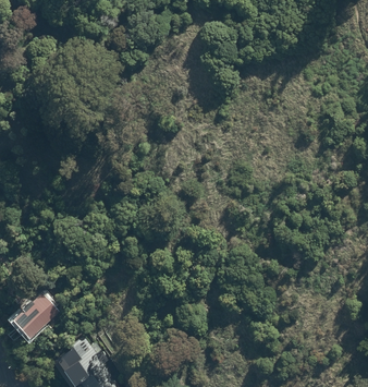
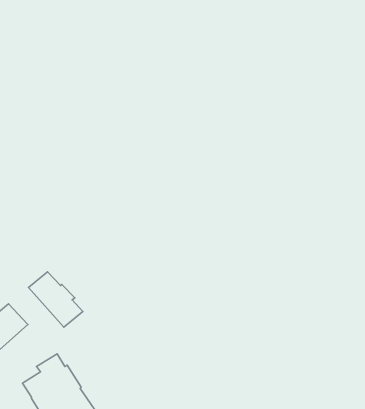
building: none -> [29,272,83,327]

